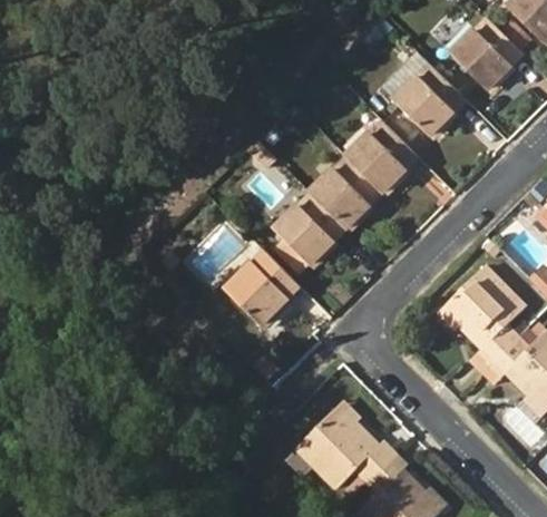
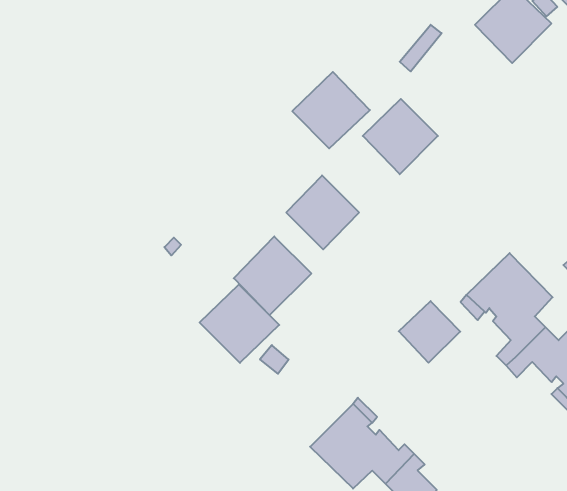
building: [394,65,466,136] -> none
building: [309,158,381,230] -> [292,72,370,148]
building: none -> [200,285,279,363]
building: none -> [399,301,460,363]

